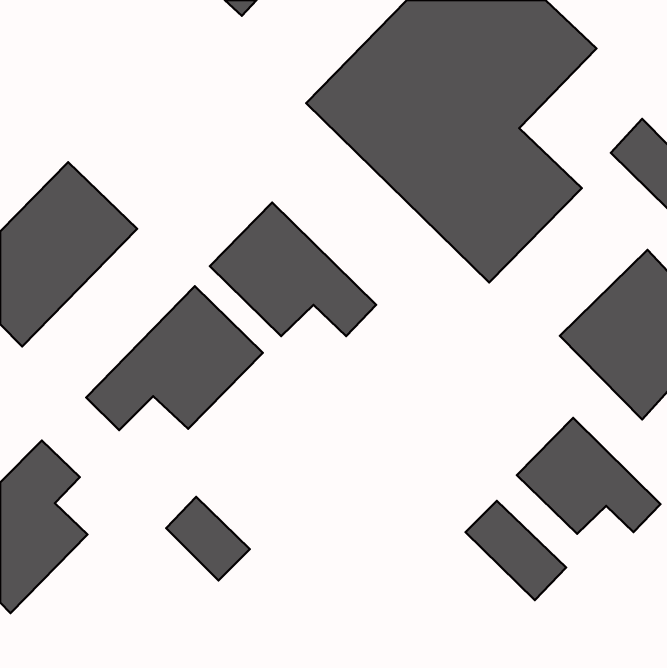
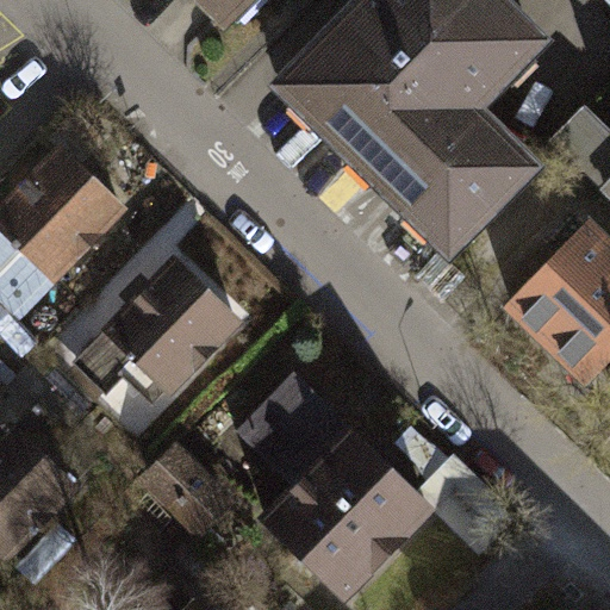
building: [210,203,376,336] -> none
building: none -> [245,376,431,595]
building: [517,418,661,534] -> none

